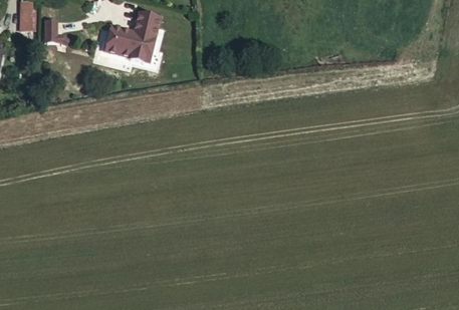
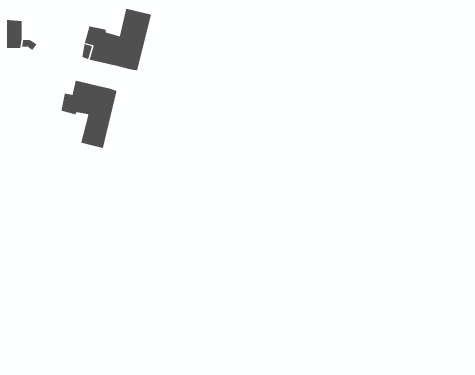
building: none -> [61,80,117,149]

